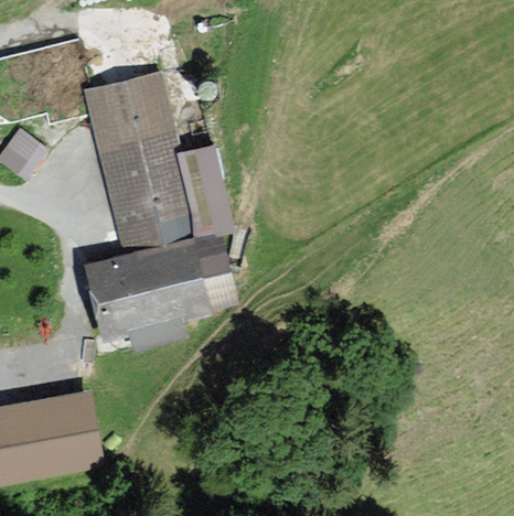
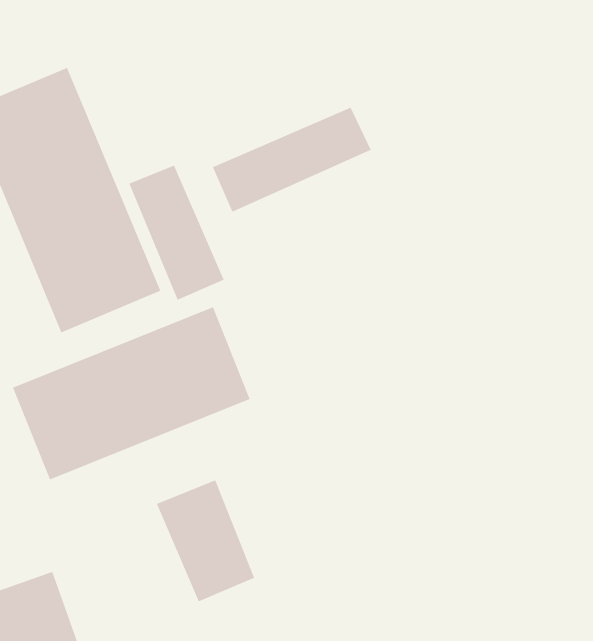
building: none -> [212,107,371,213]
building: none -> [156,480,255,602]

